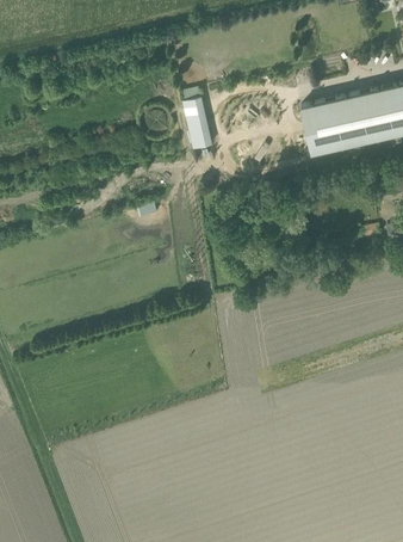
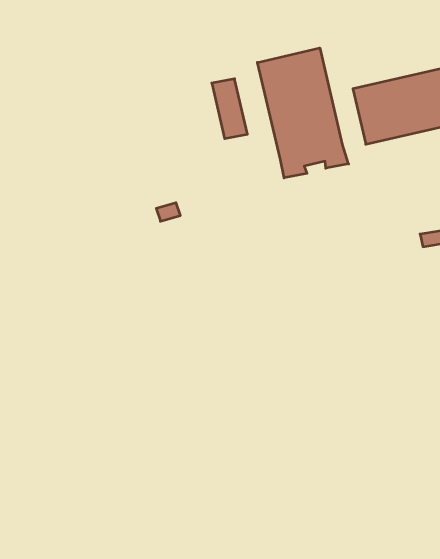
building: none -> [257,48,349,178]

